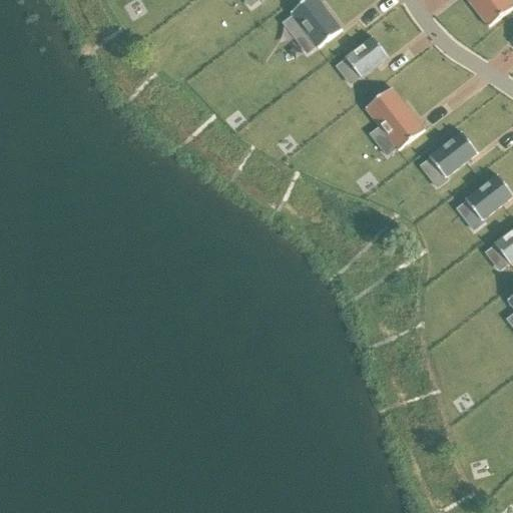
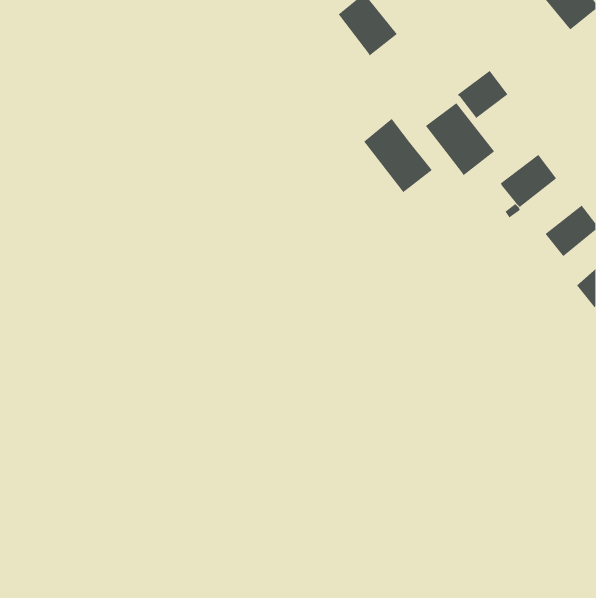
building: [343,36,387,78] -> [457,70,509,119]
building: none -> [363,118,433,193]

